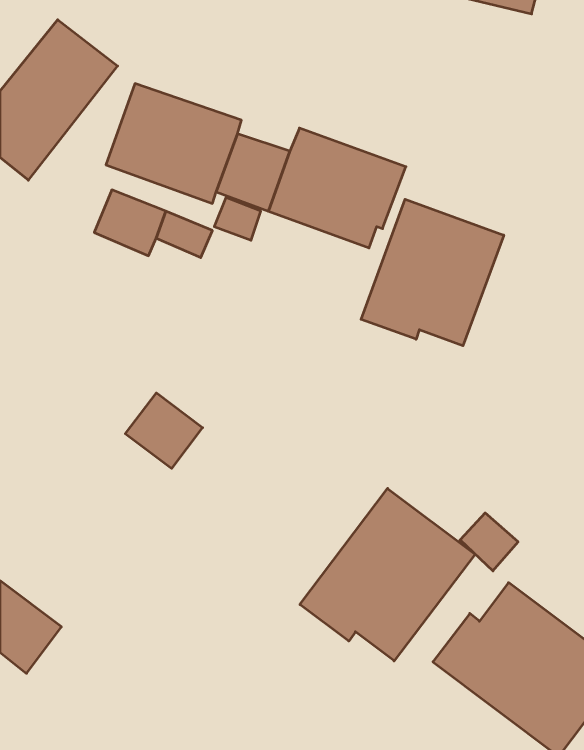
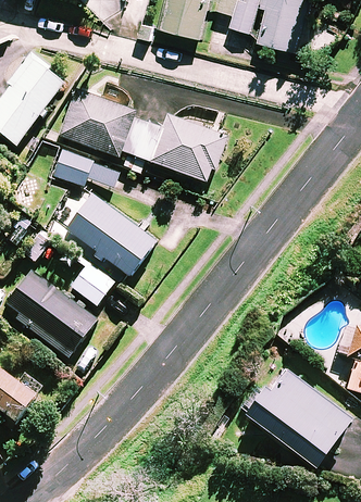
building: [361,199,504,346] -> none
building: none -> [66,193,155,275]
building: none -> [7,269,97,357]
building: [300,488,475,661] -> none

